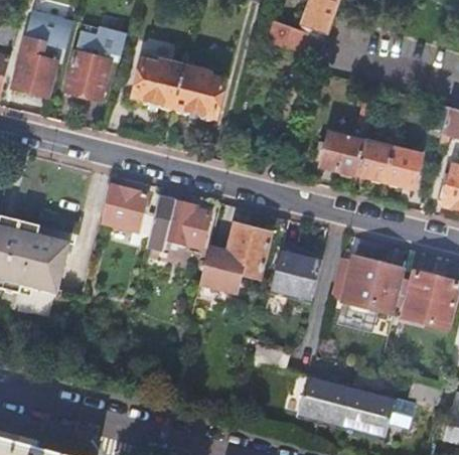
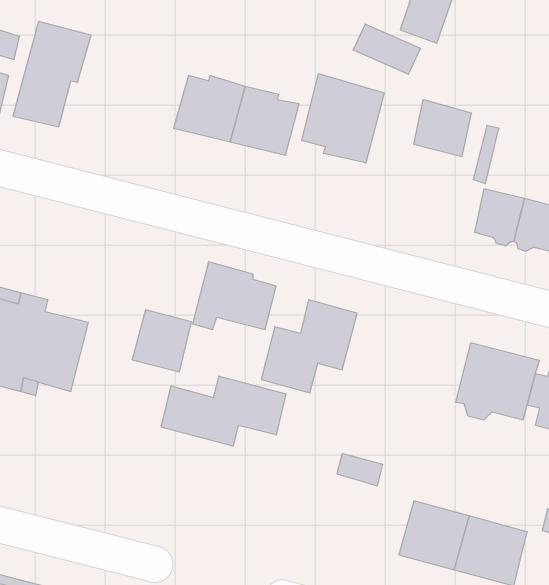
building: [63,23,126,101] -> none
building: none -> [302,74,384,163]
building: [320,132,363,174] -> [414,100,472,156]
building: [99,184,143,231] -> [132,310,192,372]
building: [269,246,320,302] -> none
building: none -> [161,376,286,446]

